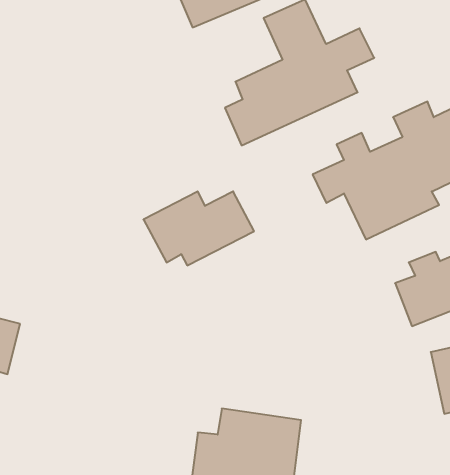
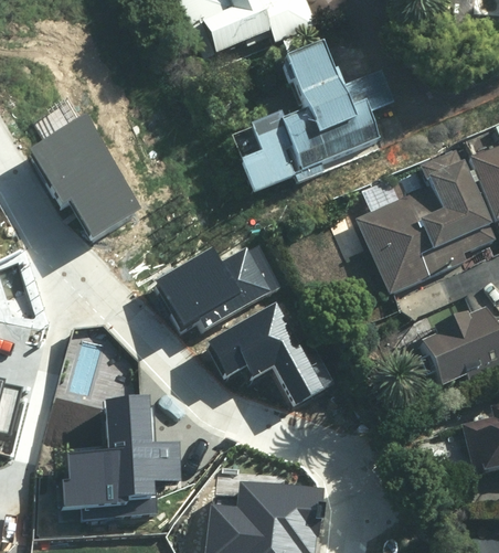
building: none -> [28,111,138,230]
building: none -> [202,295,326,396]
building: none -> [59,400,174,515]

